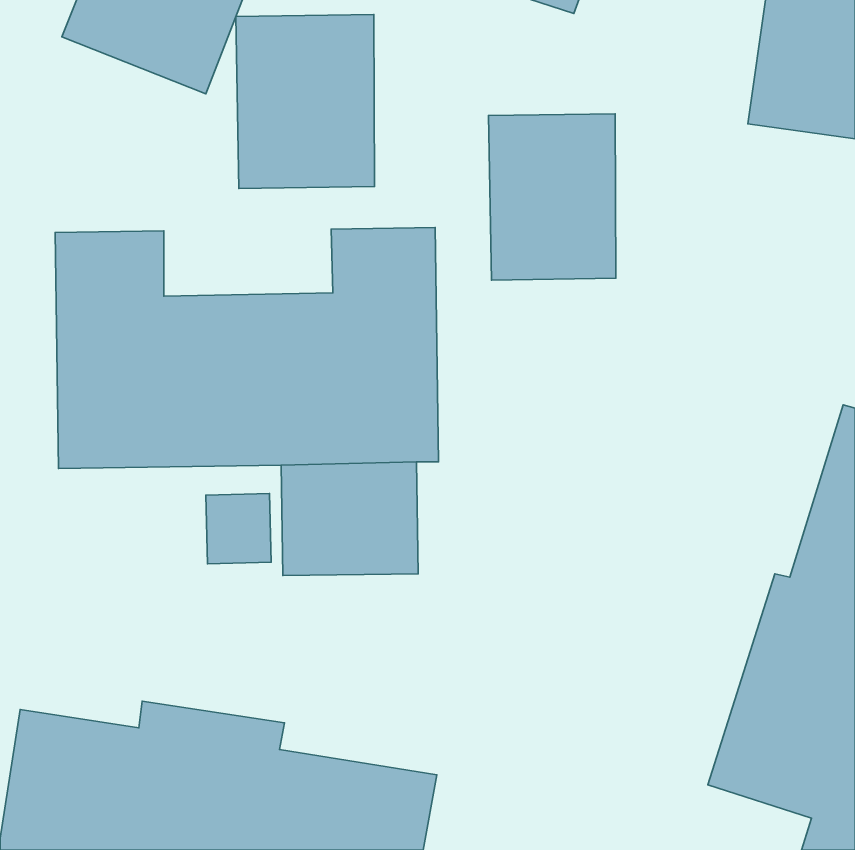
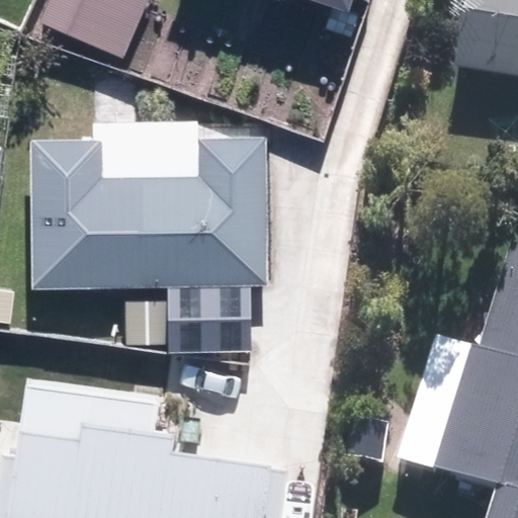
building: [236,15,375,188] -> none
building: [489,114,616,280] -> none

